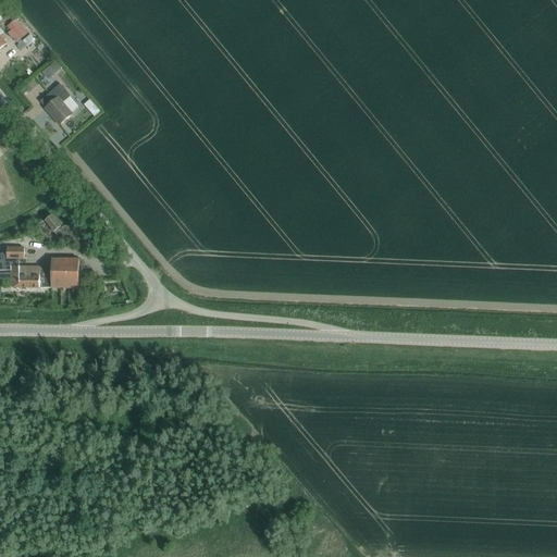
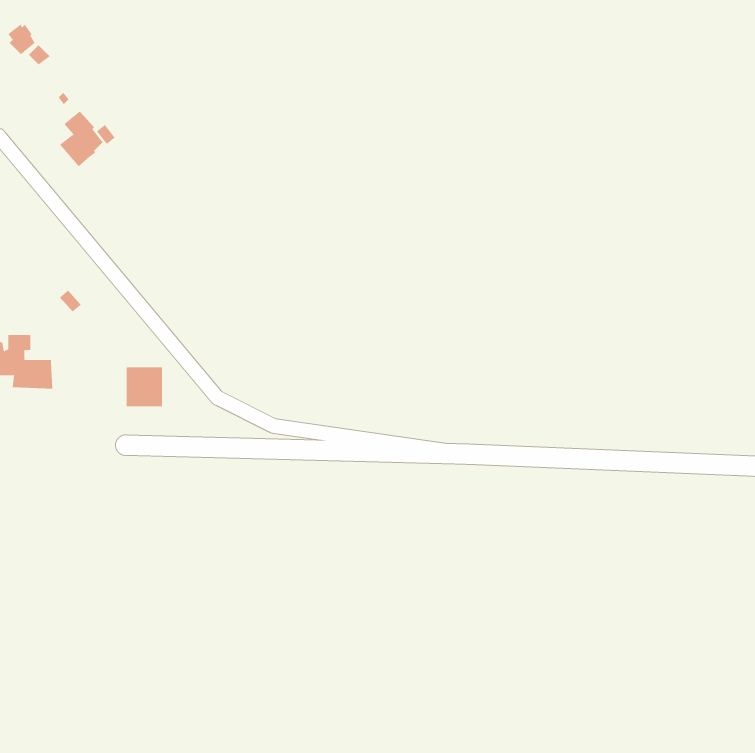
building: [50,257,77,286] -> [126,367,163,407]

